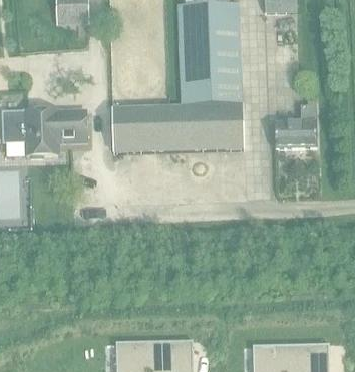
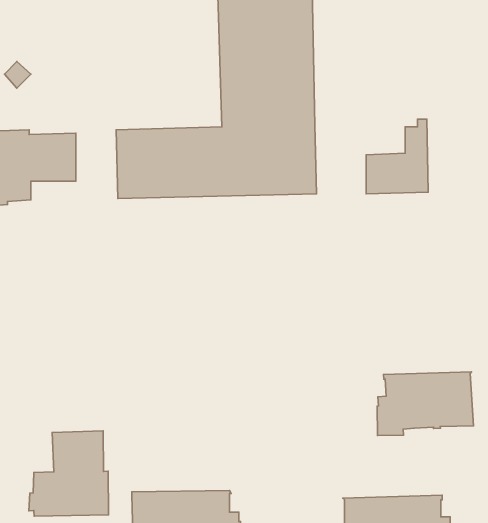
building: none -> [377,372,473,435]
building: none -> [29,431,109,516]

